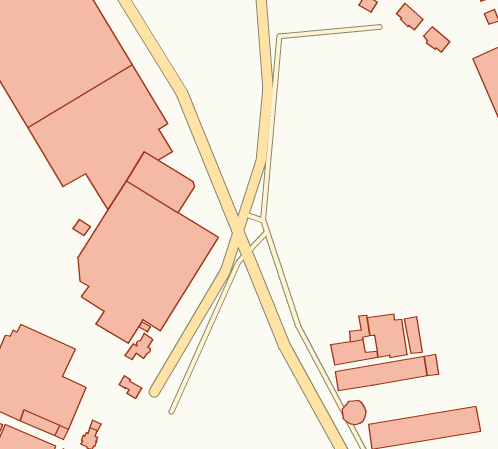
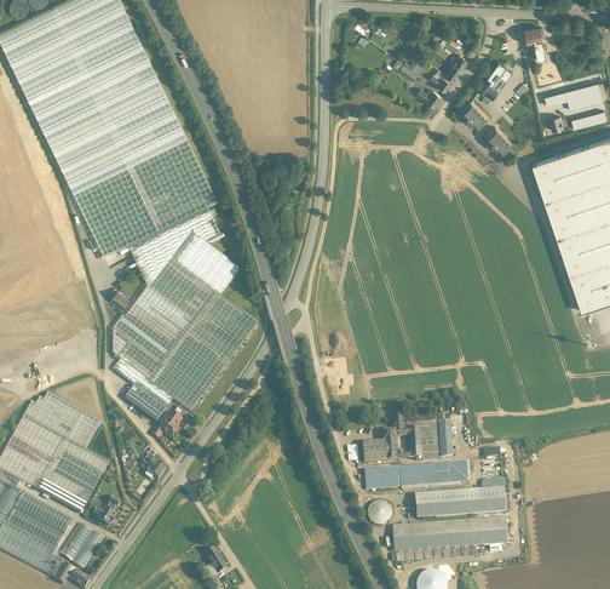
building: none -> [415,487,503,517]

